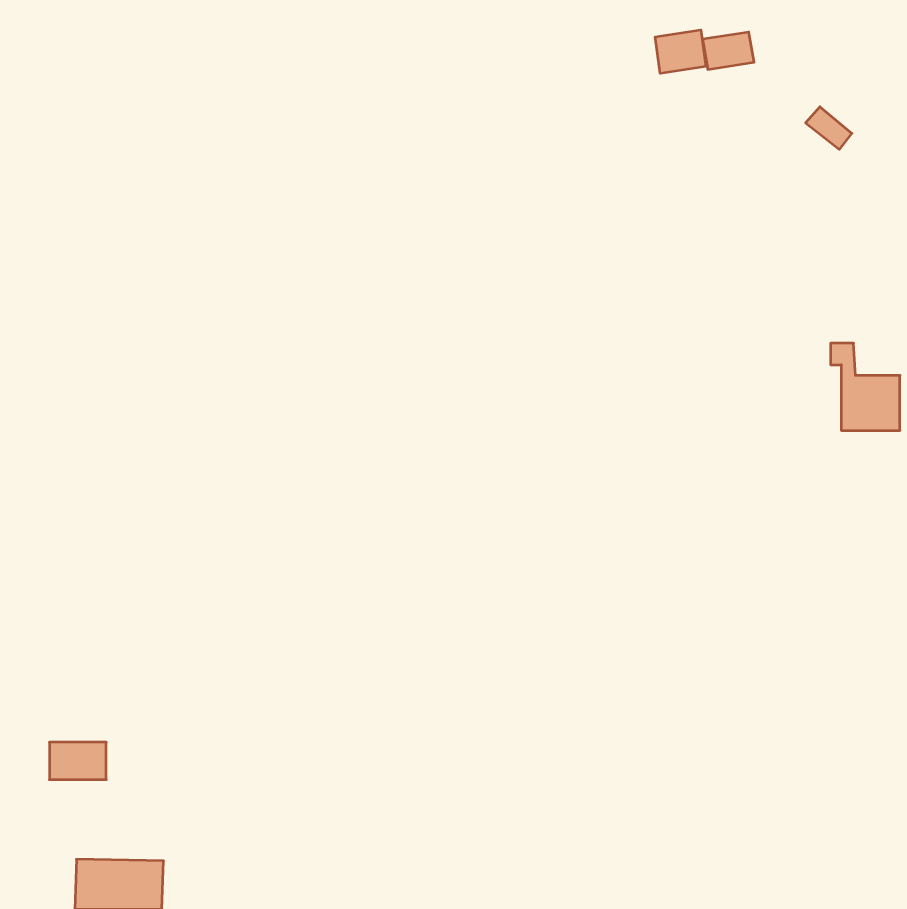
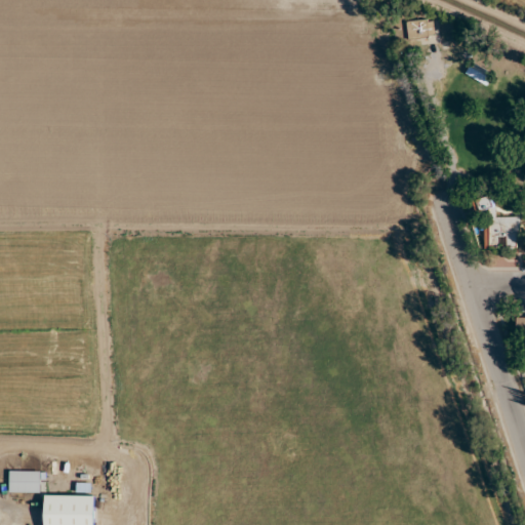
building: [655,30,706,73] -> none
building: [49,742,106,780] -> [9,471,42,492]

